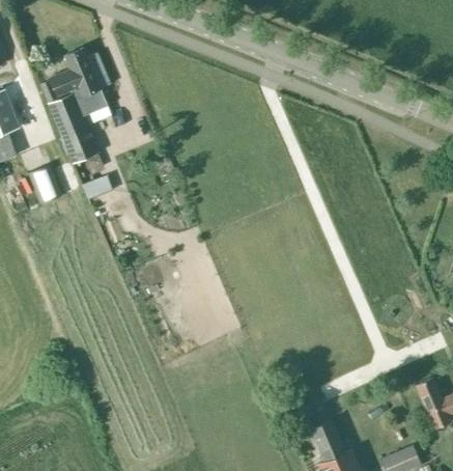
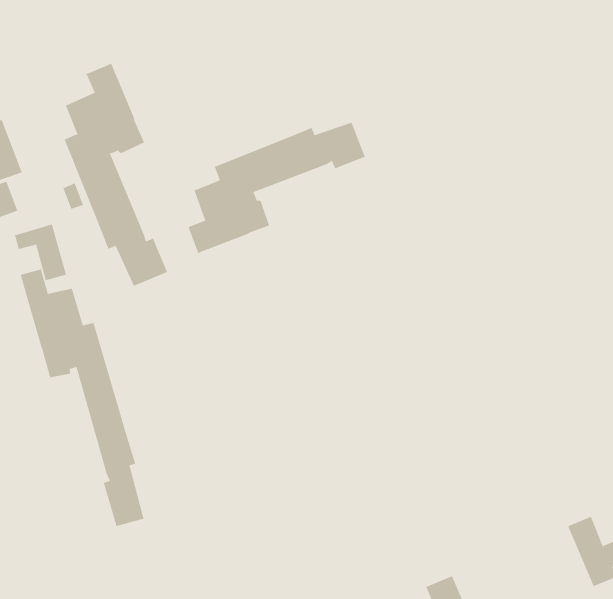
building: none -> [187,122,366,254]
building: none -> [20,269,144,527]

